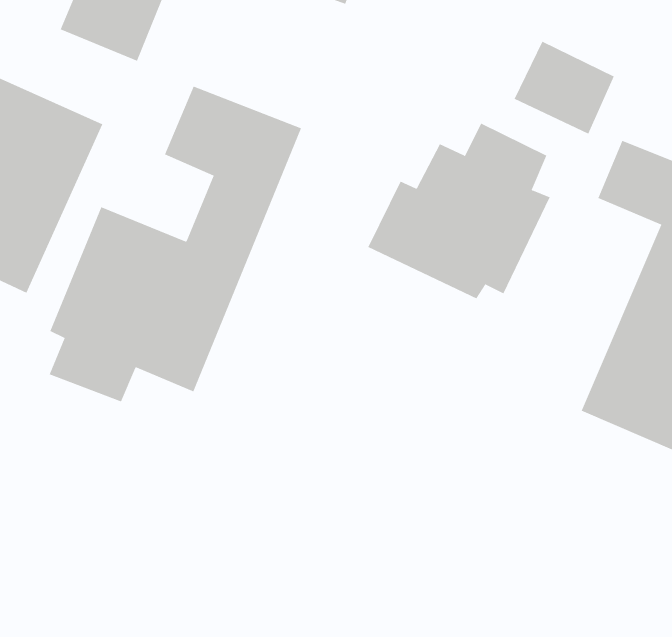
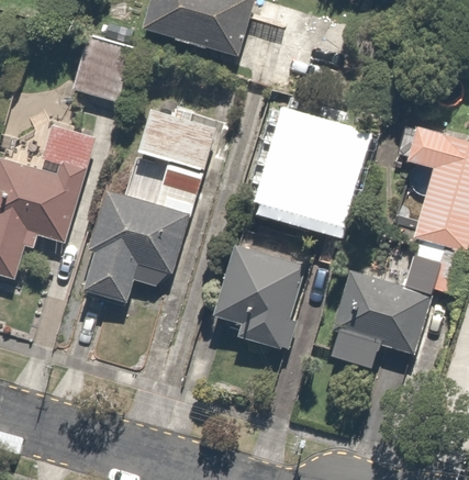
building: [514,41,614,135] -> none
building: none -> [215,234,321,359]
building: none -> [328,269,433,367]

